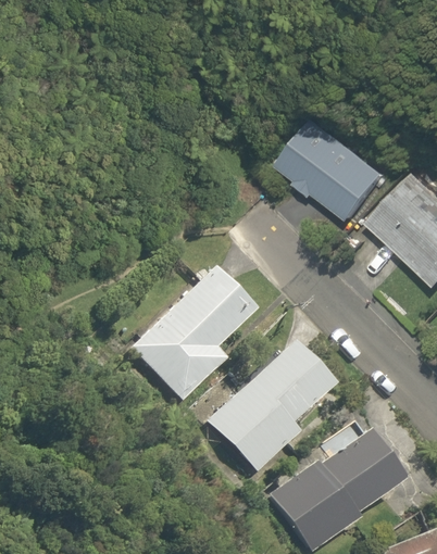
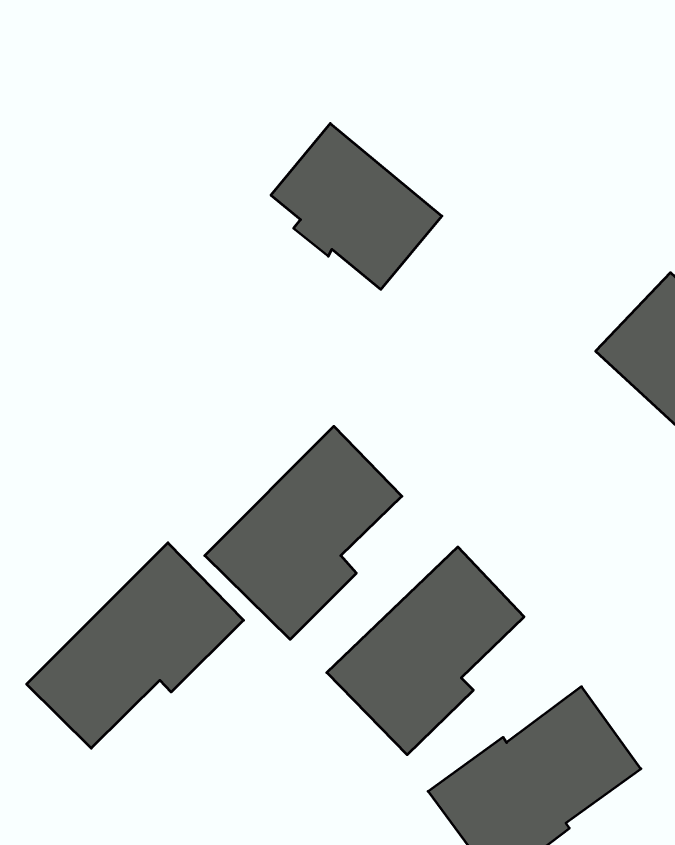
building: [288,116,395,219] -> [271,123,442,289]
building: none -> [27,543,244,748]

